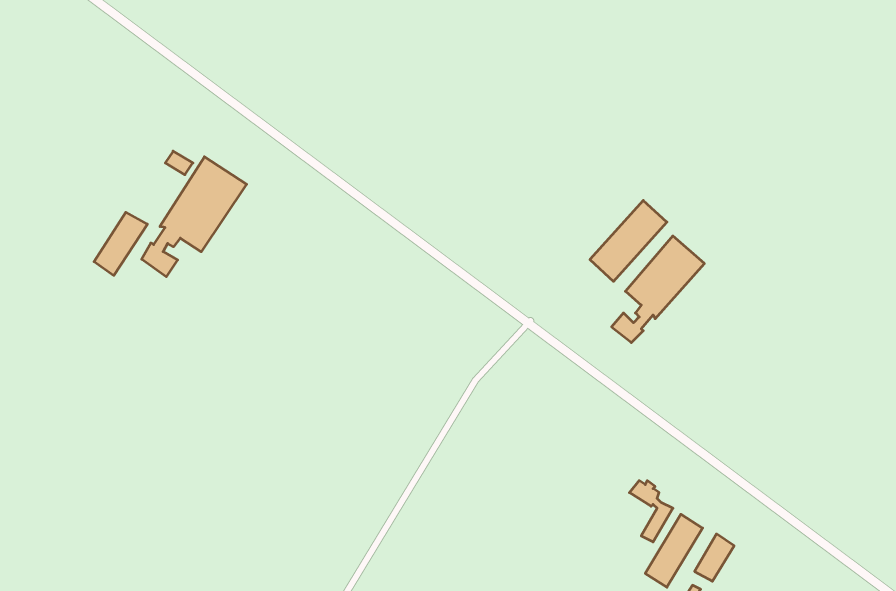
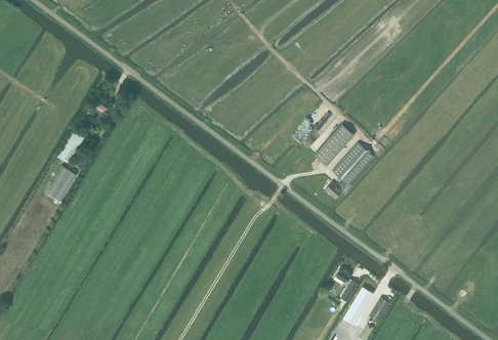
building: [142,157,247,277] -> none
building: none -> [45,165,77,201]

